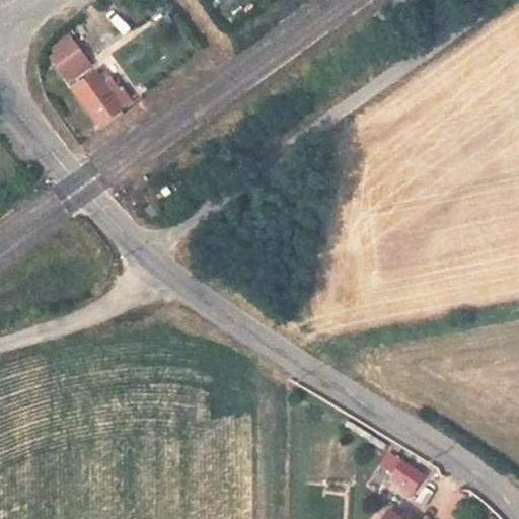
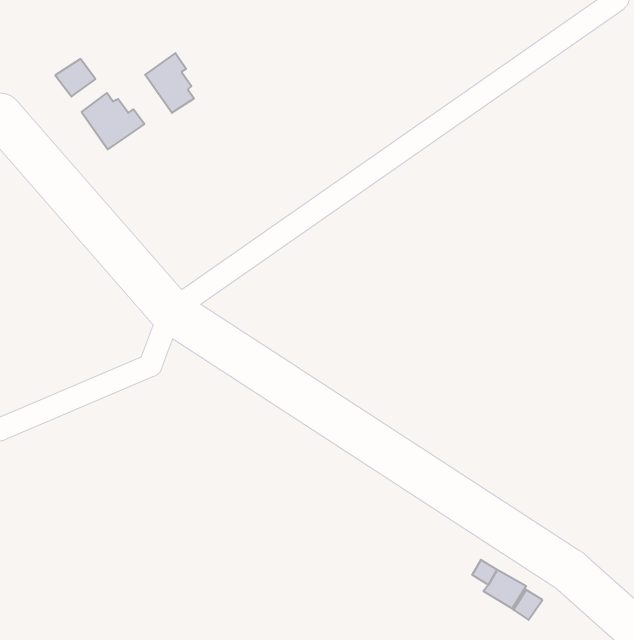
building: none -> [145,53,194,113]

